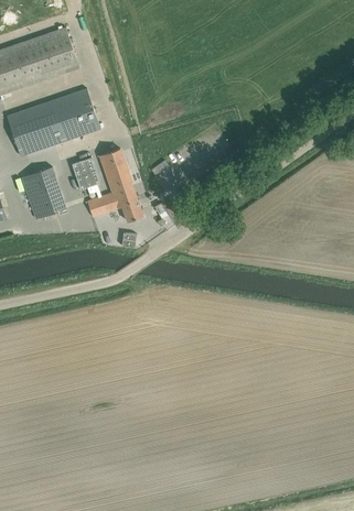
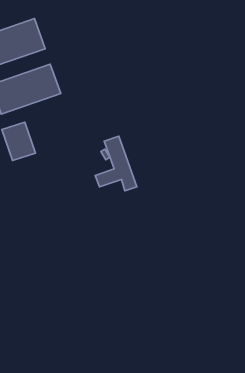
building: [86,148,142,221] -> [95,136,137,191]
building: [71,156,98,189] -> none

